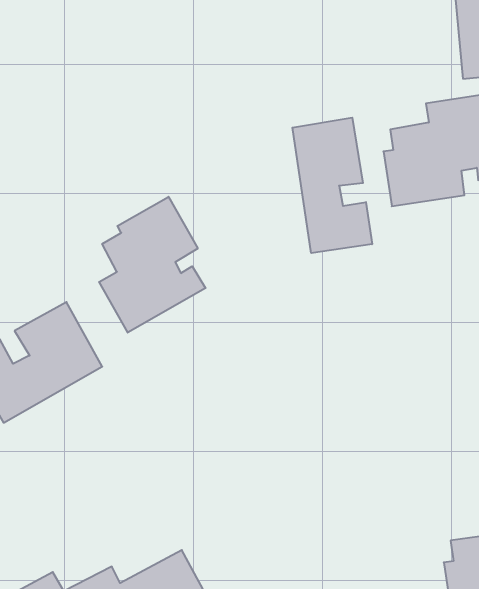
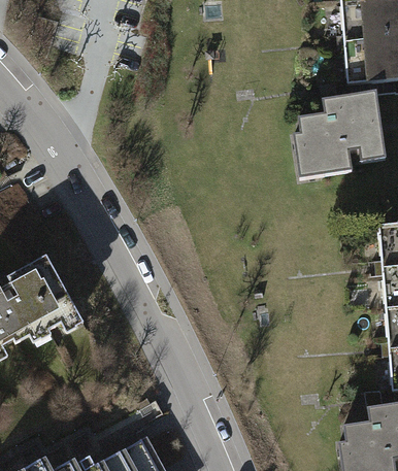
building: [292,118,372,253] -> none
building: [99,197,206,333] -> none

